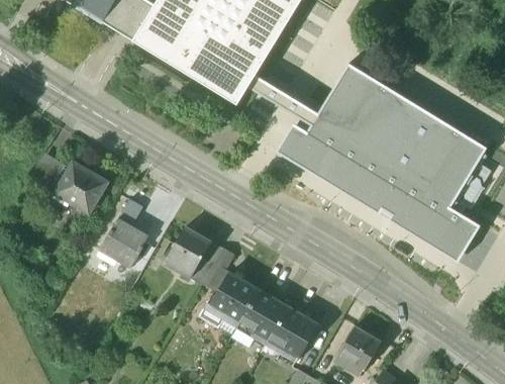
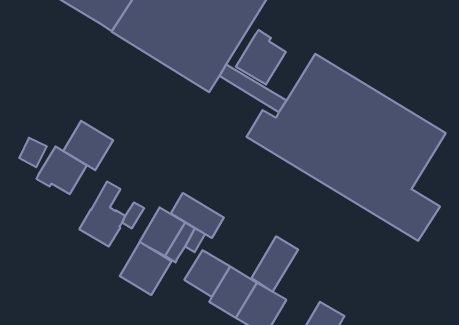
building: none -> [236,30,286,85]
building: none -> [63,121,113,170]
building: none -> [171,193,224,238]
building: none -> [251,236,298,292]
building: none -> [120,242,171,295]

